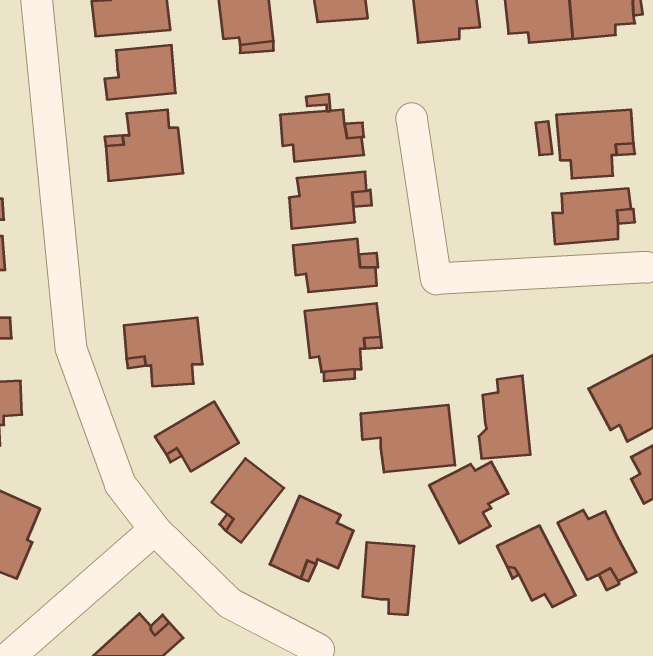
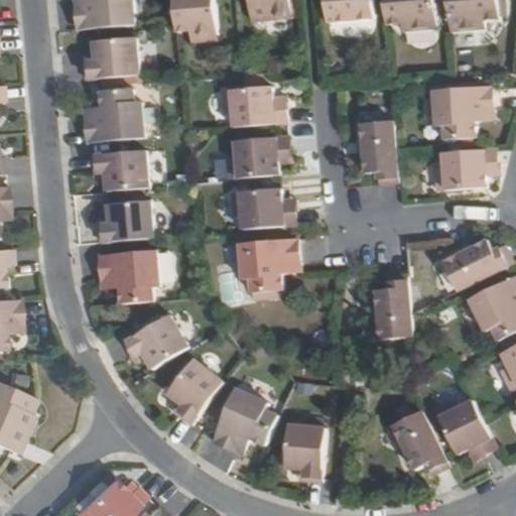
building: none -> [353,119,397,183]
building: none -> [90,148,147,189]
building: none -> [97,199,152,241]
building: none -> [431,243,504,294]
building: [361,405,455,472] -> none
building: [429,462,508,543] -> none

